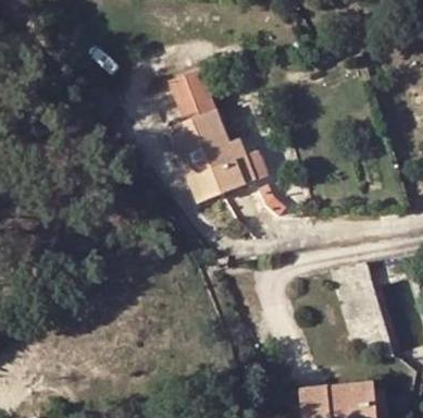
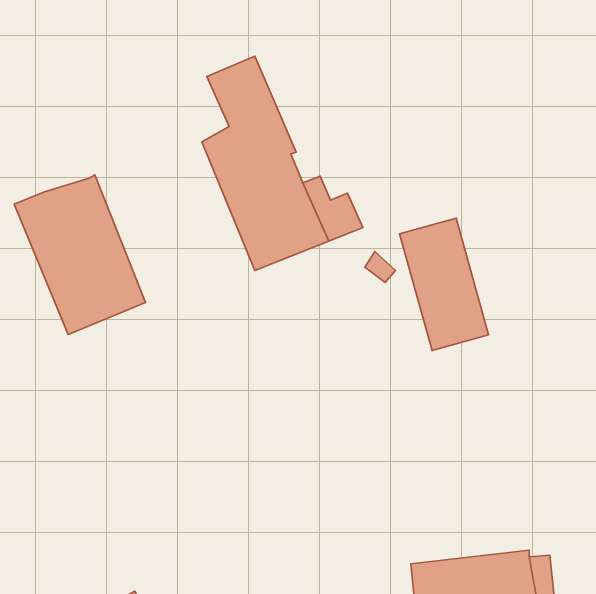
building: none -> [14,175,145,335]
building: [334,254,390,337] -> [399,218,489,350]

